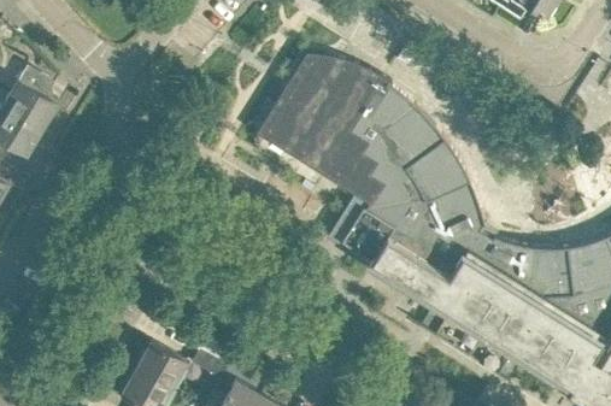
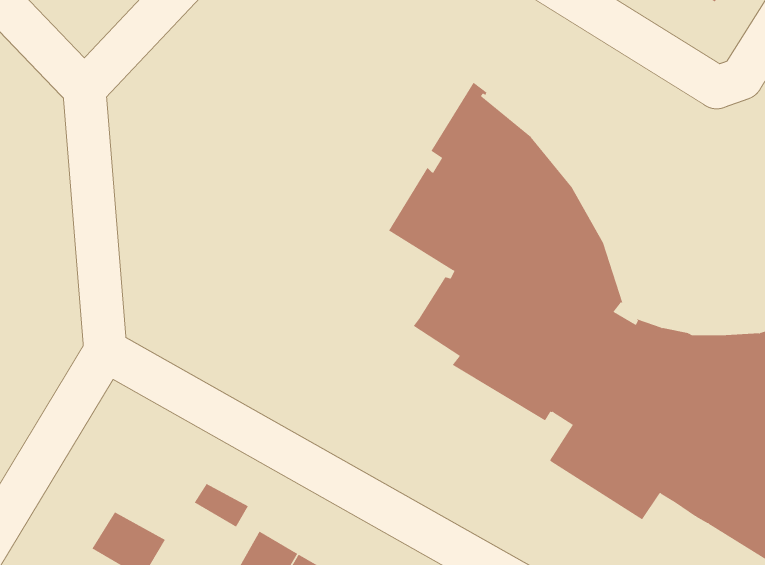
building: [264,51,381,175] -> none
building: [136,340,186,386] -> none

